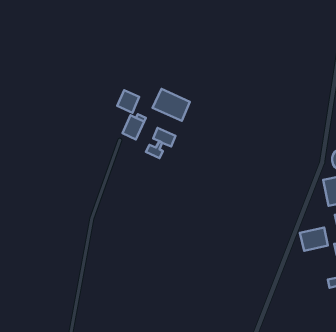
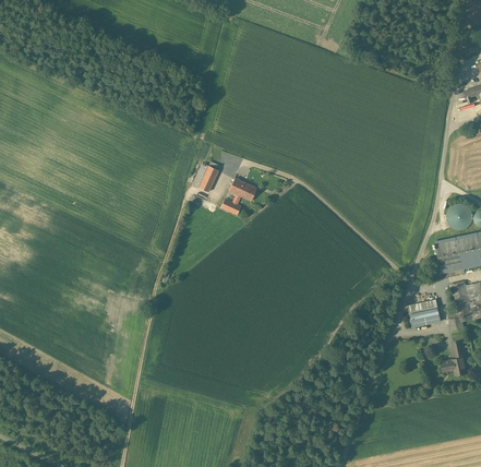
building: [152,89,190,121] -> none
building: [117,90,139,113] -> none

